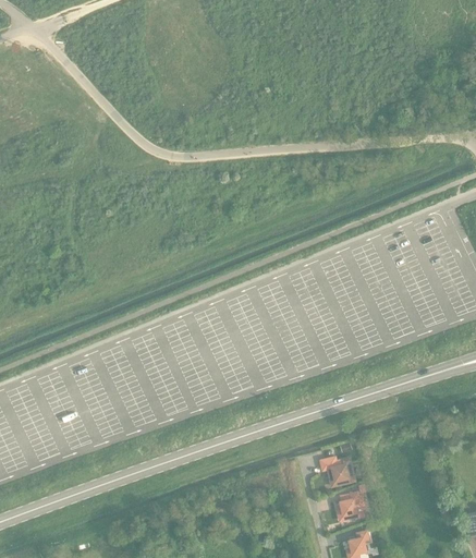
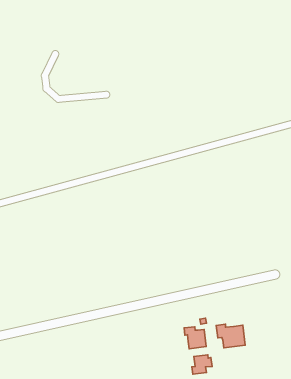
building: none -> [216,324,245,348]

